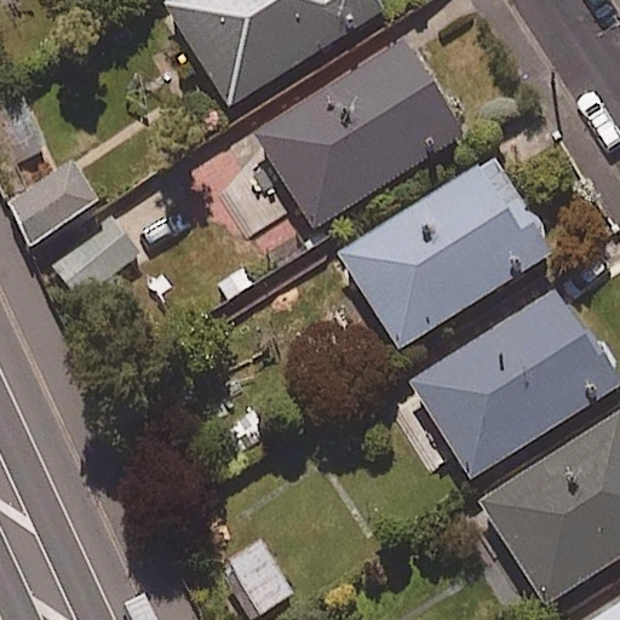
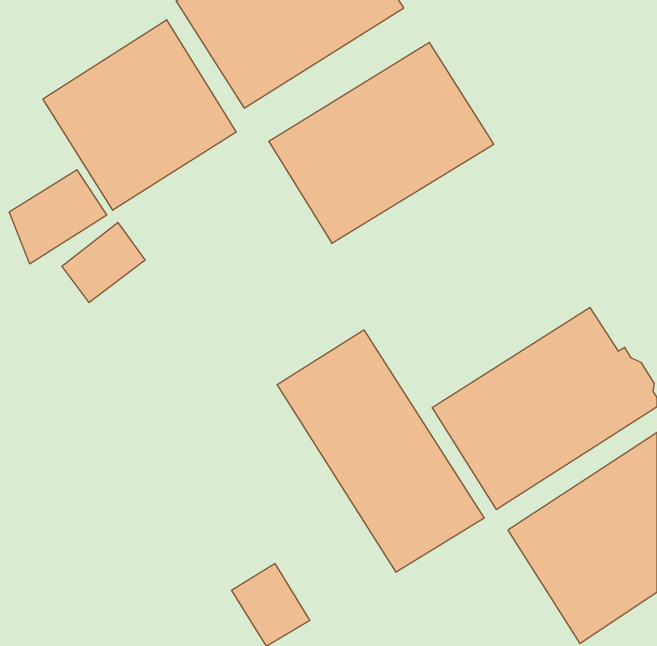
building: none -> [43,20,236,210]
building: [339,155,553,349] -> none
building: none -> [277,330,484,572]

